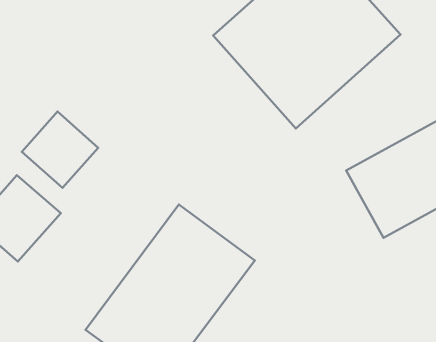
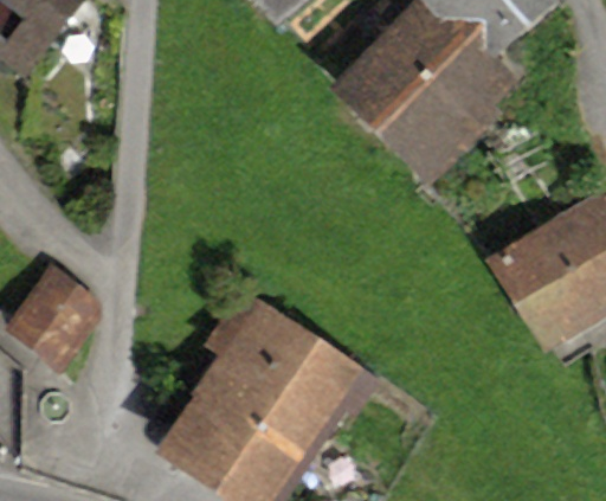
building: [22,111,98,188] -> none

